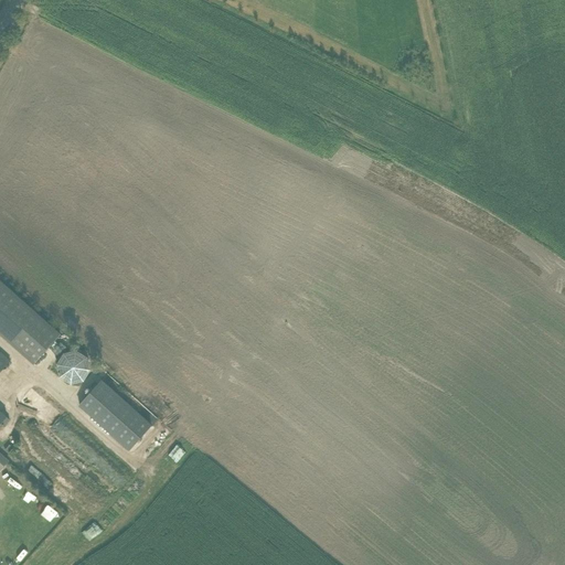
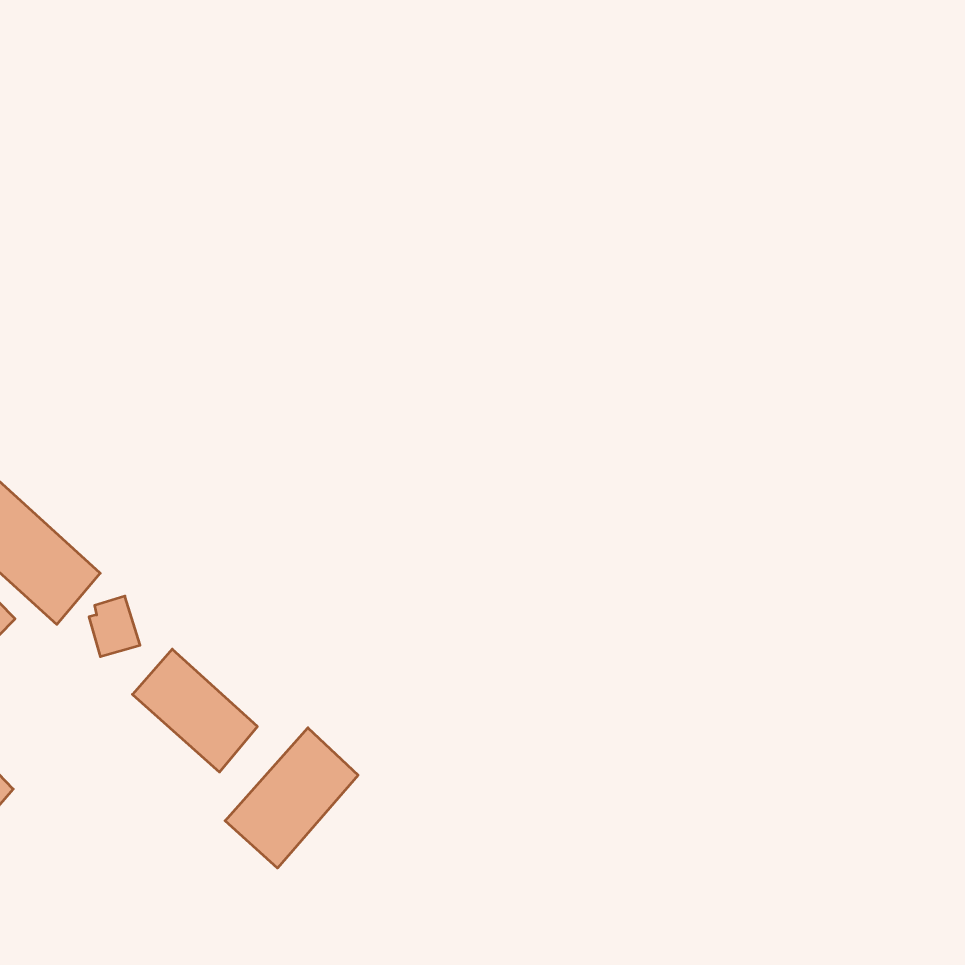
building: none -> [225,728,358,868]

